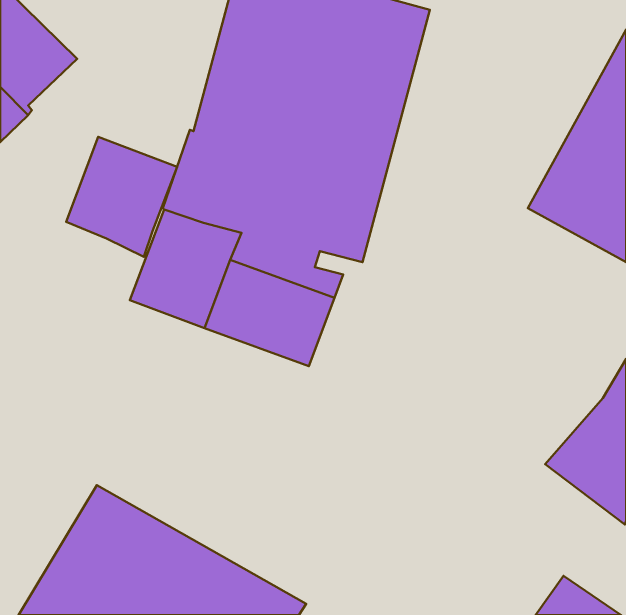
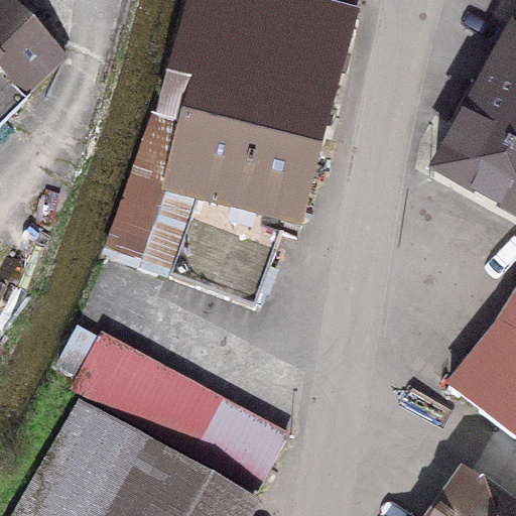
building: [66,137,177,257] -> none
building: none -> [56,320,285,484]

